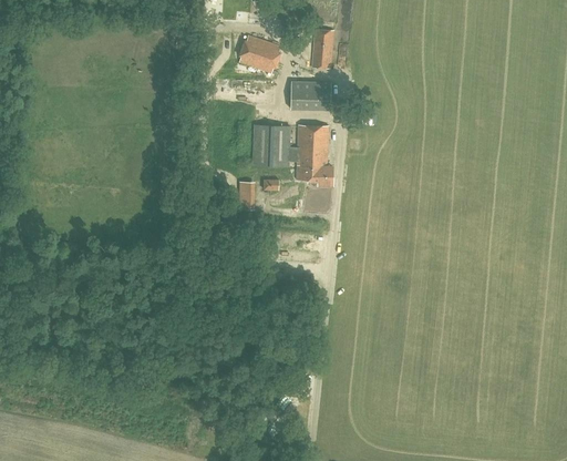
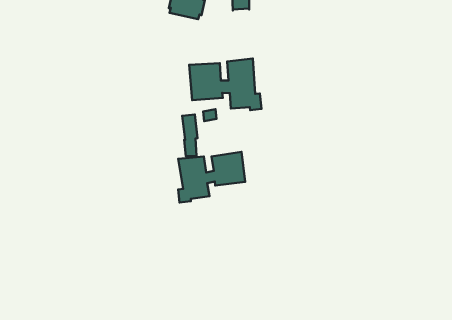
building: [290,81,330,110] -> none
building: none -> [178,152,245,202]

